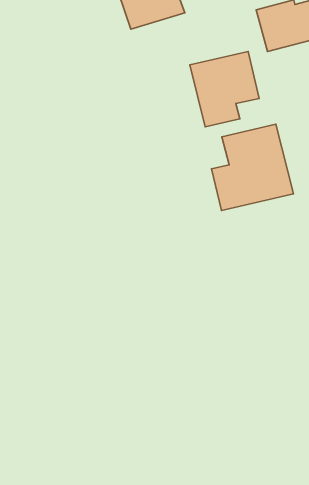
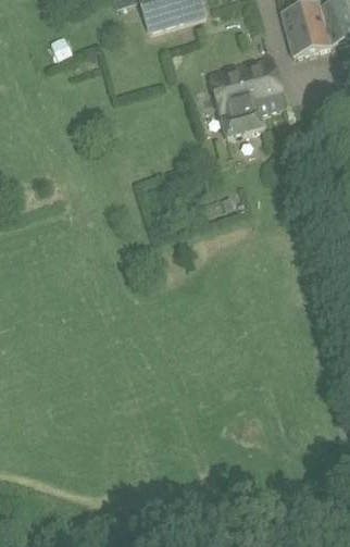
building: [211,124,293,210] -> none

